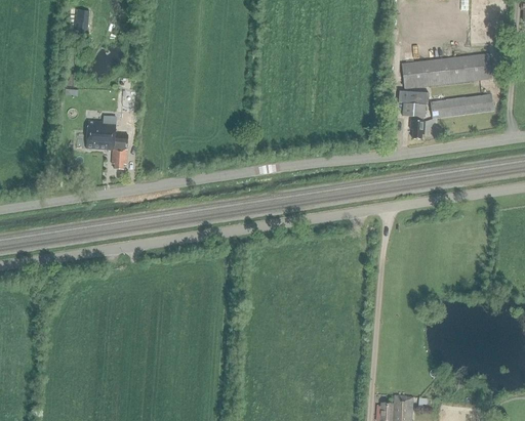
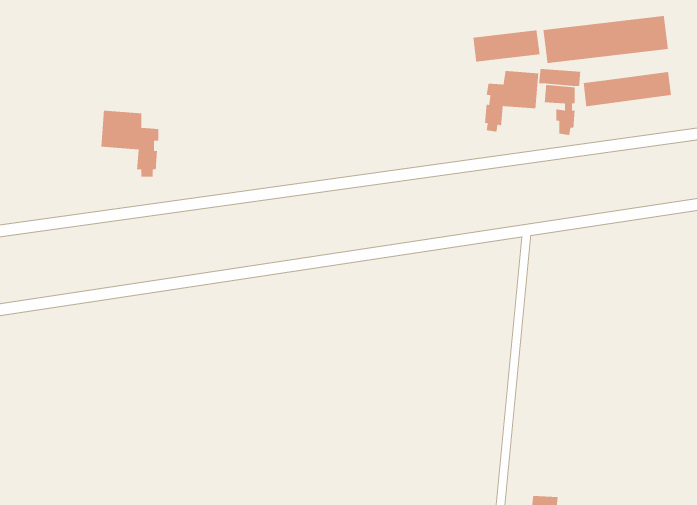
building: none -> [472,29,541,63]
building: none -> [484,70,539,133]

